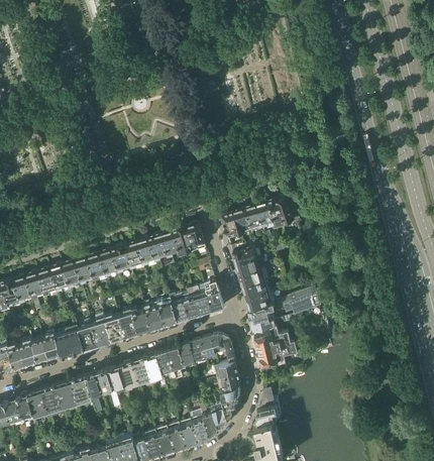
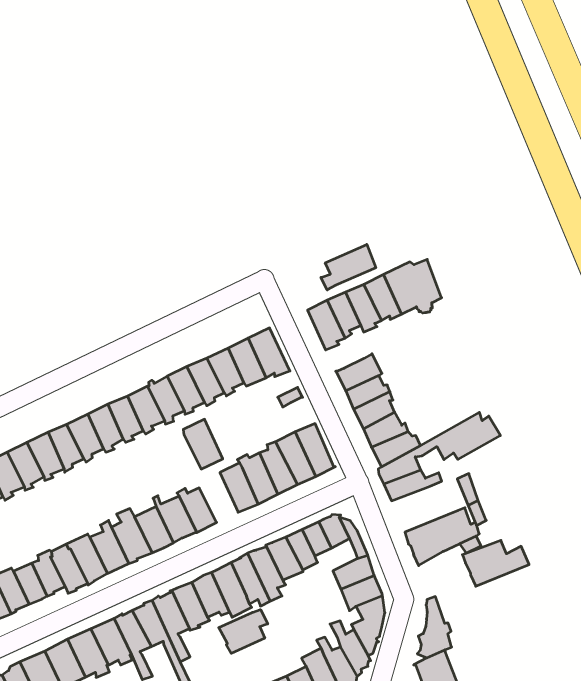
building: none -> [321,244,376,290]
building: [144,302,165,330] -> [183,419,223,469]
building: [253,327,291,351] -> [462,540,529,586]
building: none -> [219,610,268,653]

